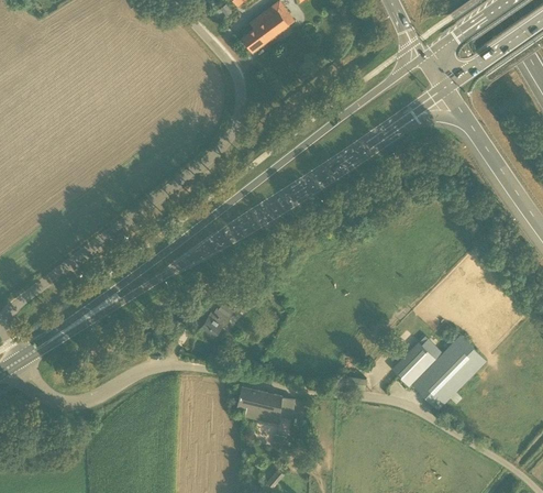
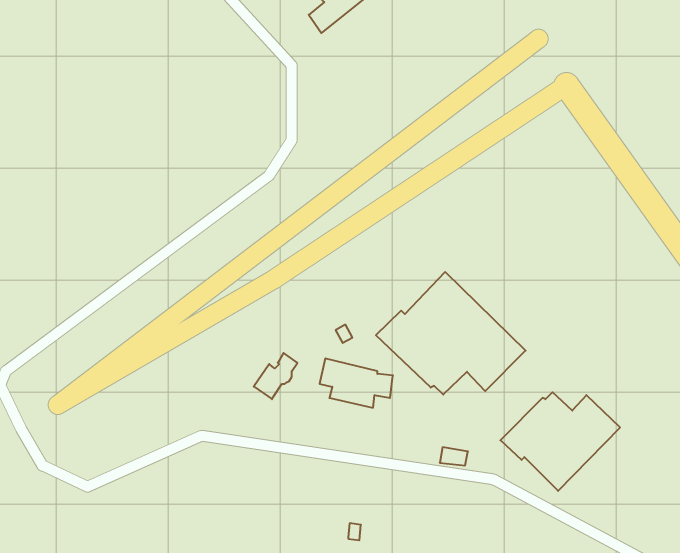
building: none -> [376,272,526,395]
building: [237,386,295,425] -> [320,358,393,408]

